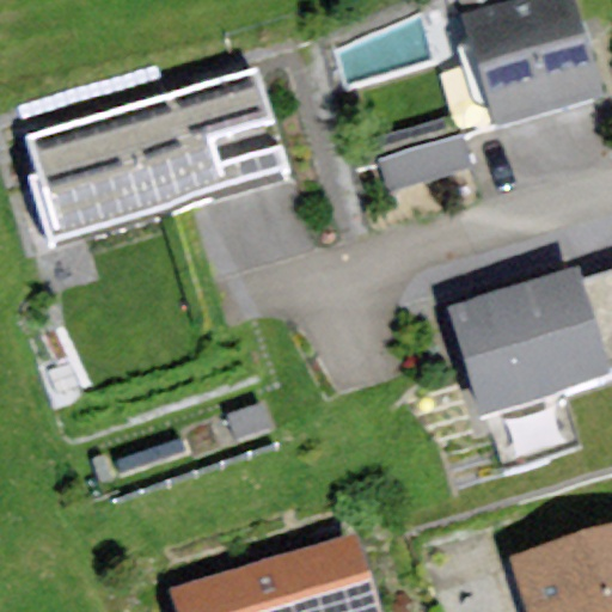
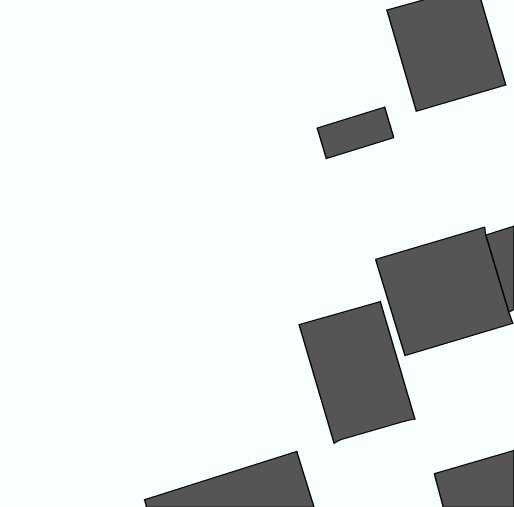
building: [25,67,289,239] -> none
building: none -> [299,301,415,443]

